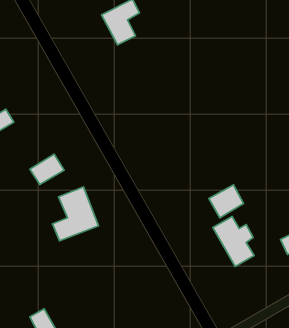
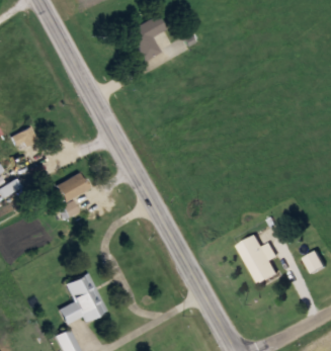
building: [209,185,243,218] -> none
building: [52,187,99,241] -> [59,272,105,327]

